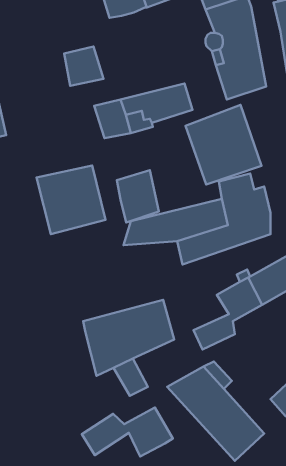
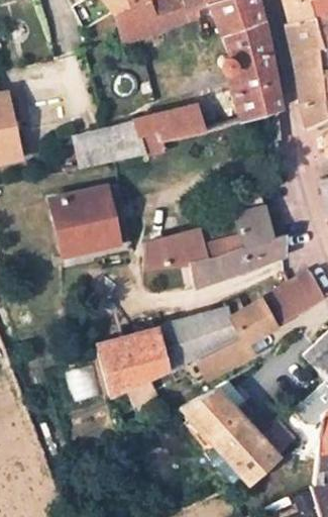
building: [64,46,103,86] -> [79,127,118,167]
building: [185,105,262,184] -> none
building: [117,170,159,223] -> none
building: none -> [177,307,242,360]
building: [82,407,173,457] -> none

